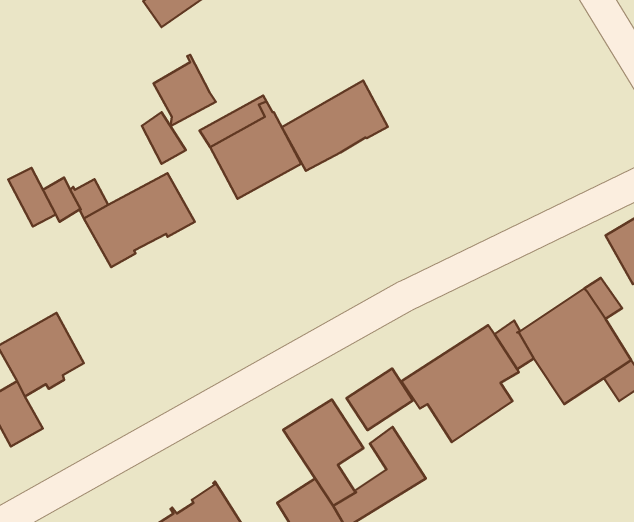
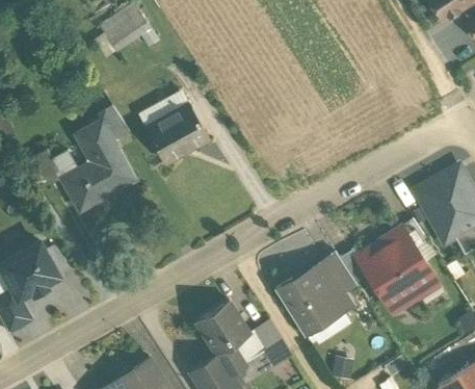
building: [154,55,216,126] -> [74,115,116,164]
building: [282,81,388,171] -> none
building: [8,168,56,227] -> none
building: [347,368,413,430] -> none

